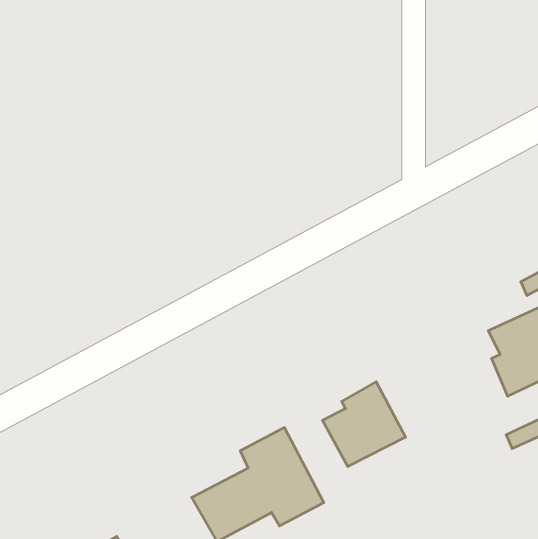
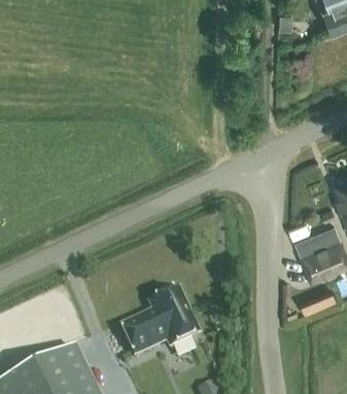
building: [322,382,406,467] -> none

